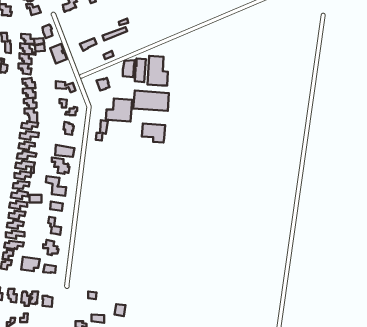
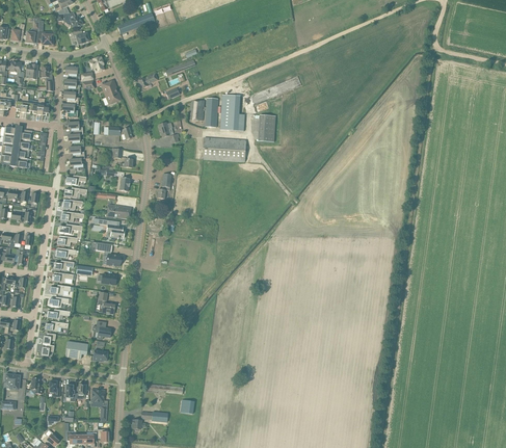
building: none -> [257,113,275,140]
building: [106,99,132,122] -> none
building: [142,124,165,143] -> none

